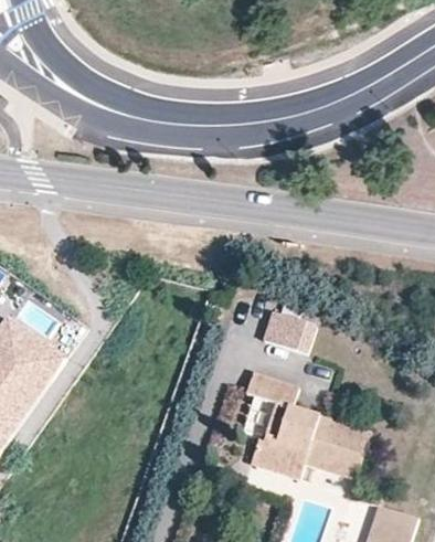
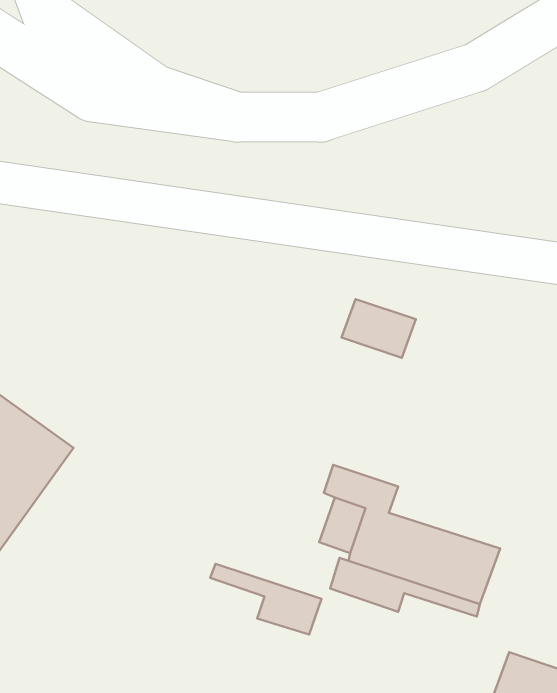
building: [263,312,316,354] -> [342,299,416,358]
building: none -> [210,564,321,635]

